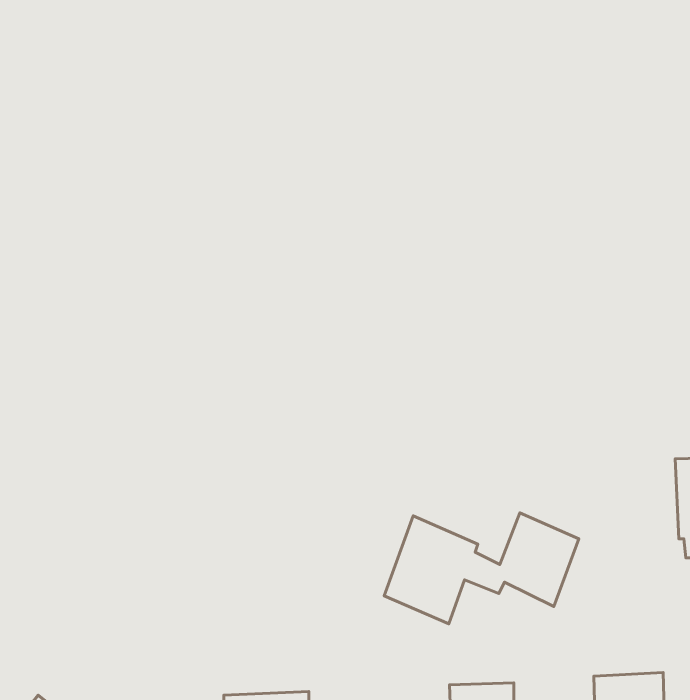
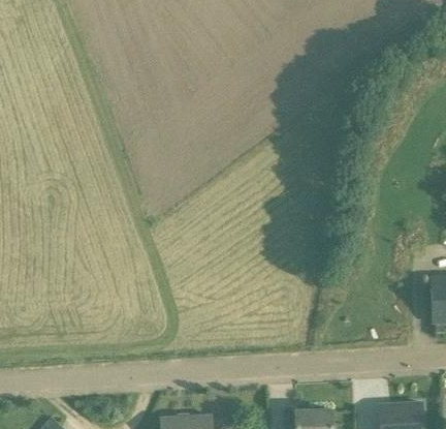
building: [384,513,579,624] -> none

